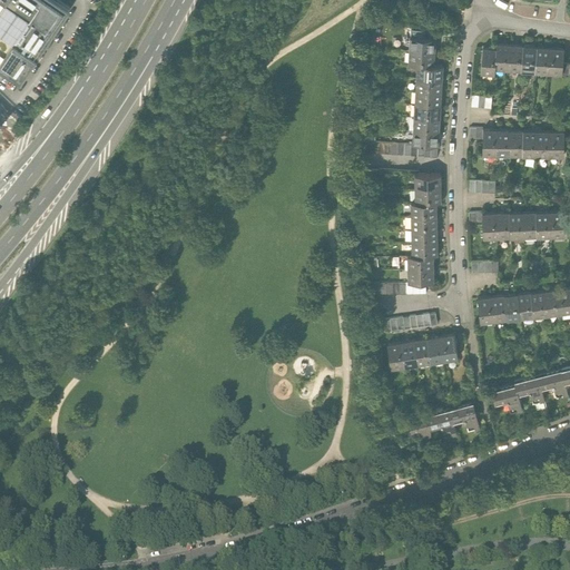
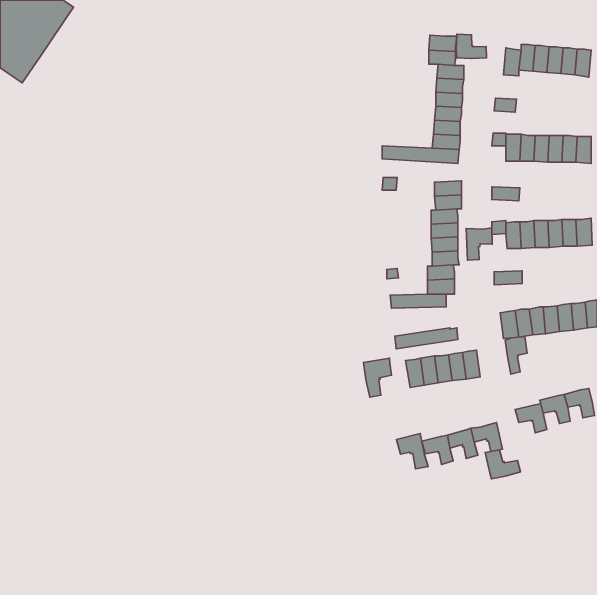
building: none -> [456,34,487,58]
building: none -> [466,228,492,260]
building: none -> [505,336,527,374]
building: none -> [364,358,392,397]
building: none -> [397,434,428,469]
building: none -> [485,450,520,479]

